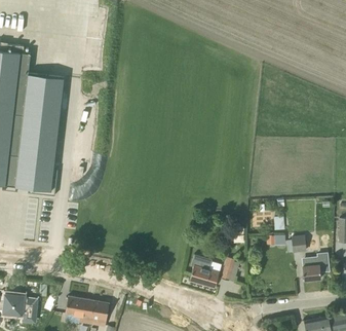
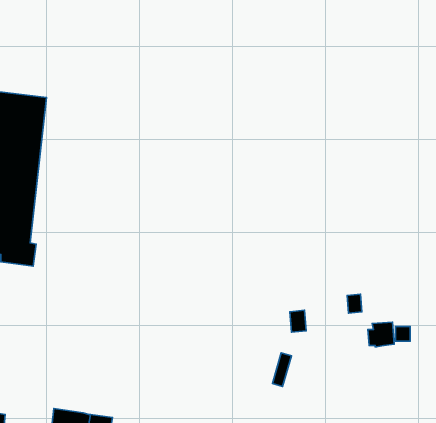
building: [189,254,219,288] -> none
building: [302,257,329,281] -> none

